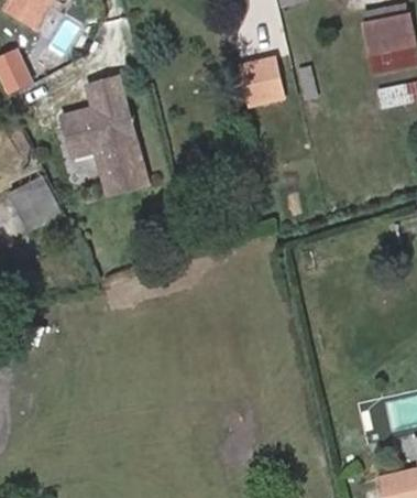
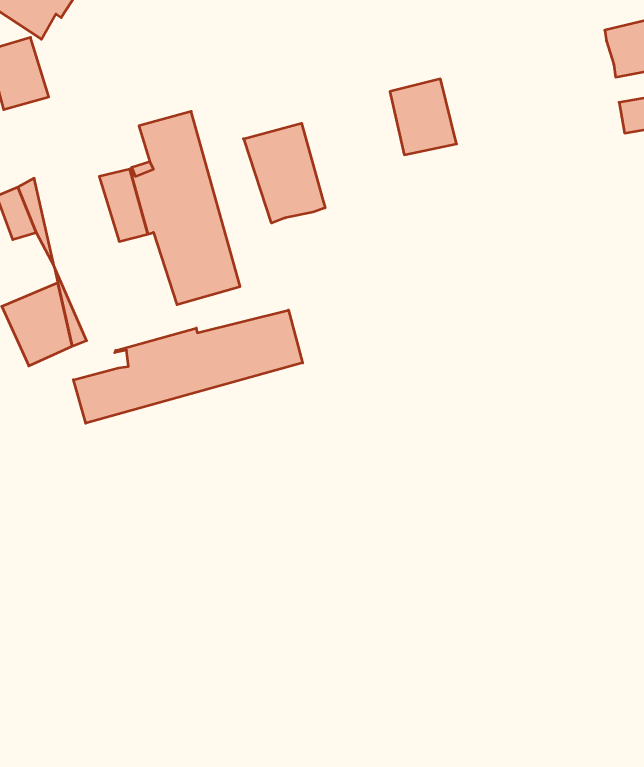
building: none -> [243,123,325,223]
building: none -> [73,310,303,423]

